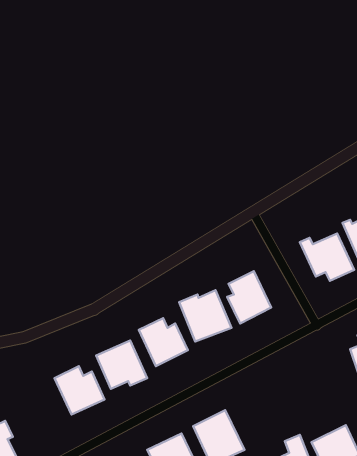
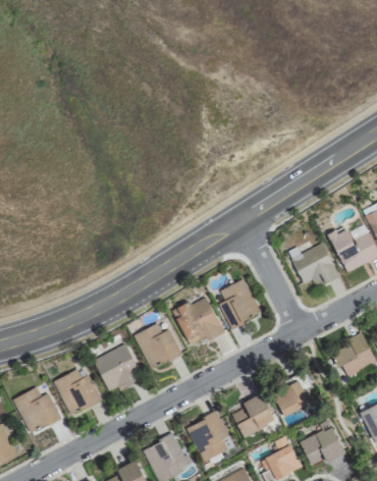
building: none -> [273,380,311,416]
building: none -> [12,386,61,433]
building: none -> [232,393,275,435]

